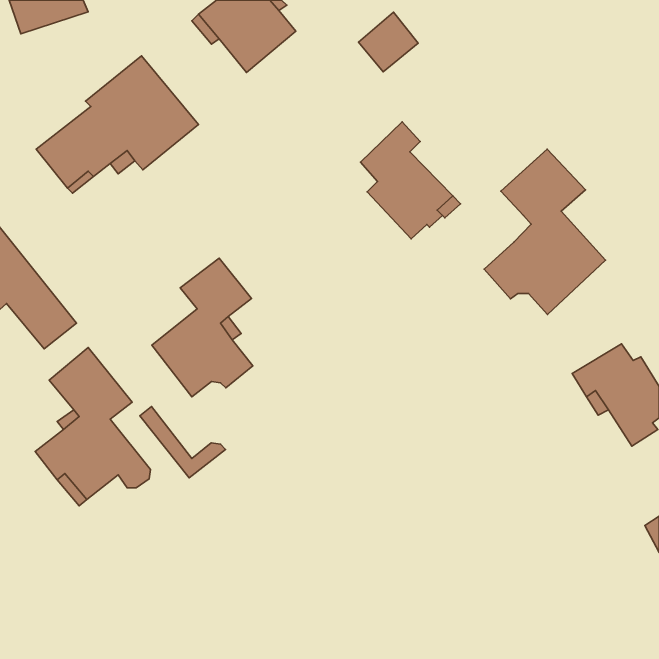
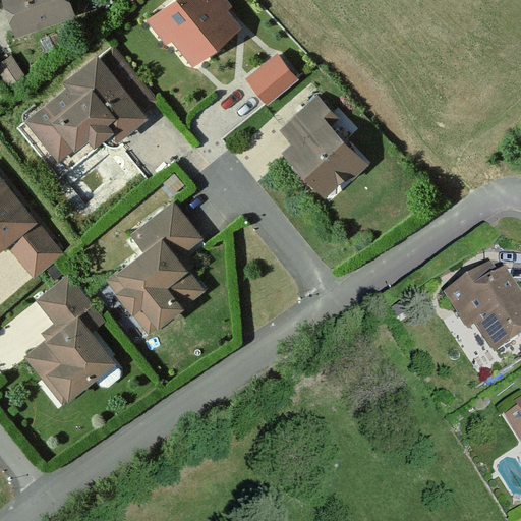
building: [359,12,418,72] -> [246,57,293,104]
building: [484,149,605,314] -> none
building: [140,407,226,478] -> [110,274,177,330]

